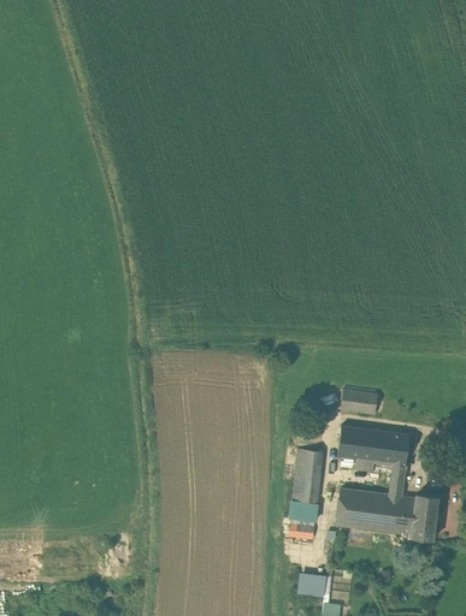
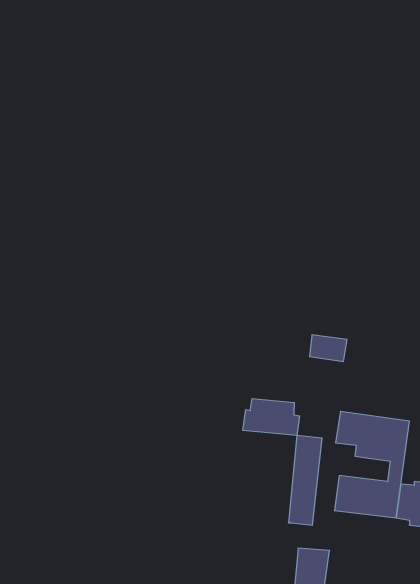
building: [341,389,378,415] -> [310,335,347,361]
building: none -> [243,399,300,436]

